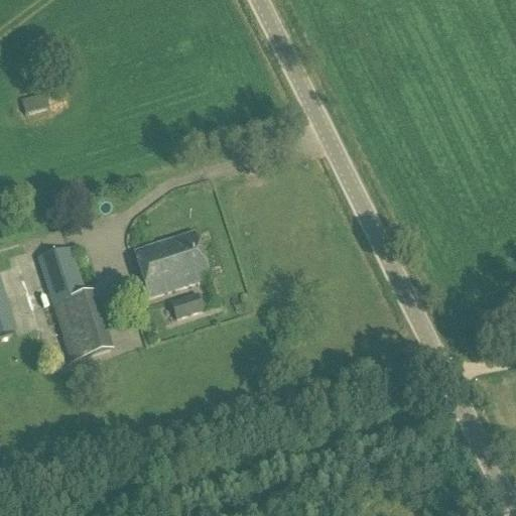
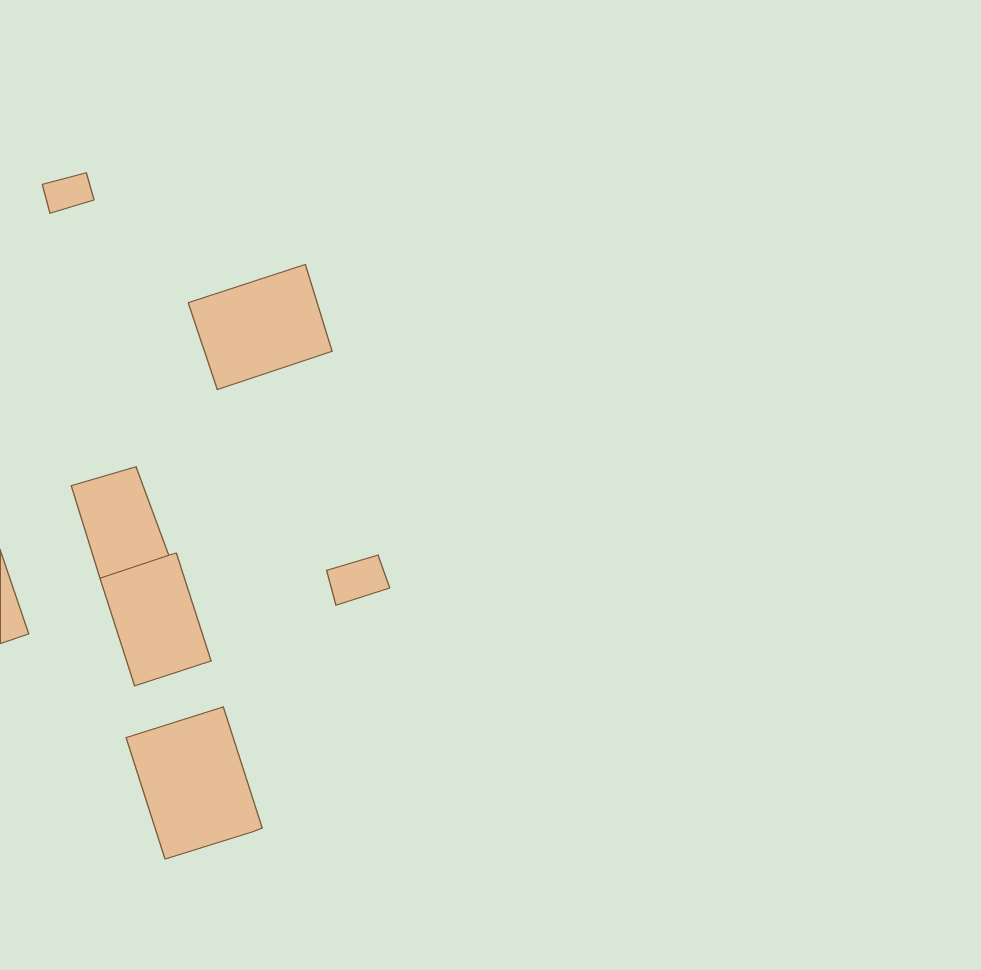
building: [134,230,210,295] -> [188,265,332,389]
building: none -> [126,707,262,859]

